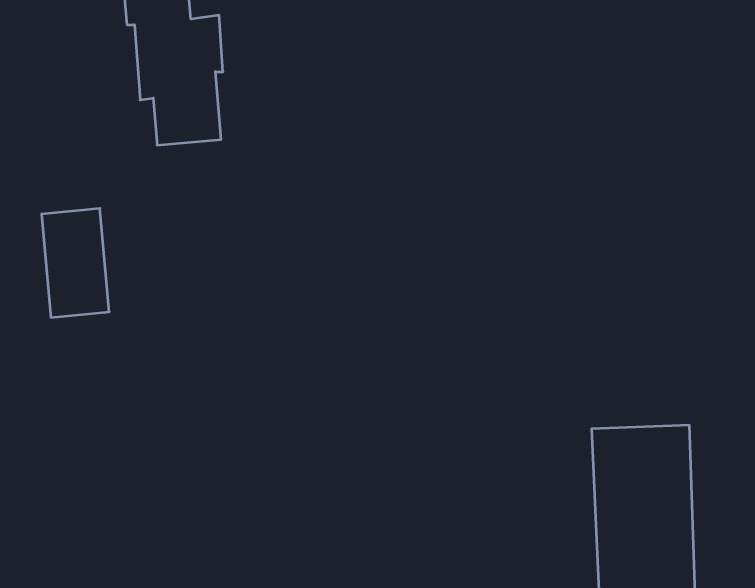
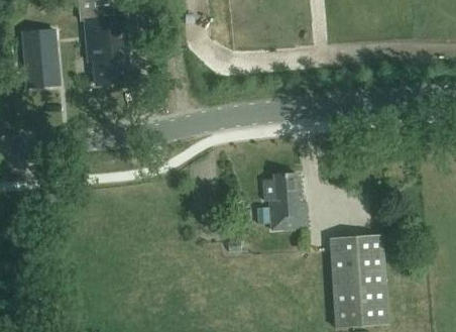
building: [42,208,109,317] -> [23,28,60,87]
building: none -> [263,173,308,228]

